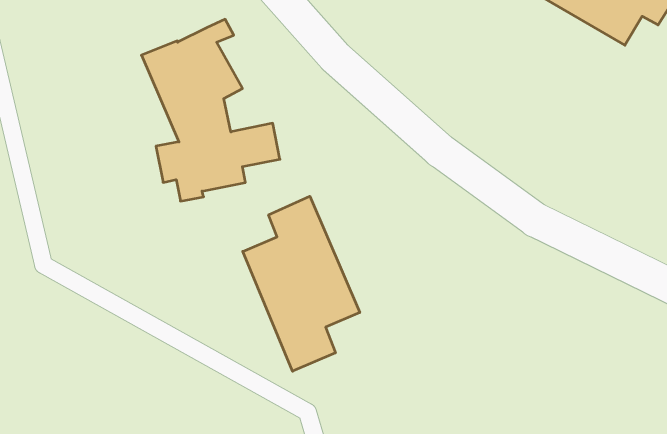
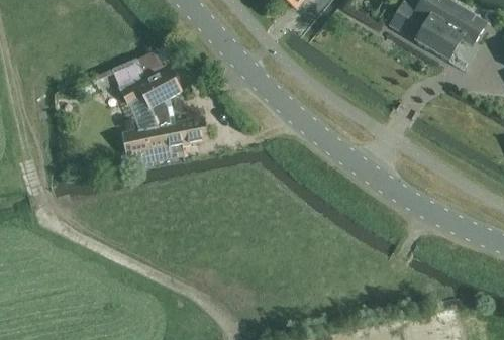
building: [243,196,360,371] -> none

